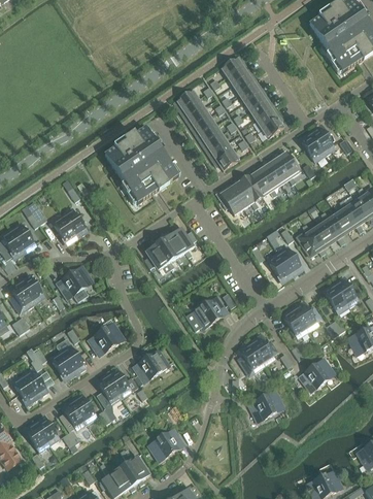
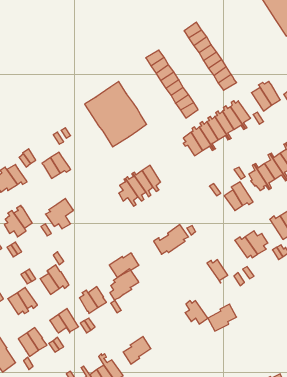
building: [89,325,124,354] -> [109,253,139,277]
building: [238,344,265,372] -> [185,301,208,324]
building: [301,358,333,392] -> none

